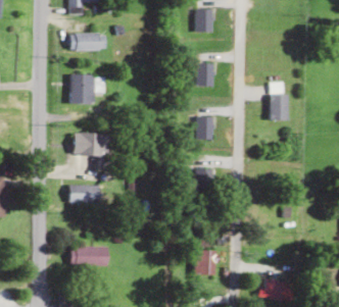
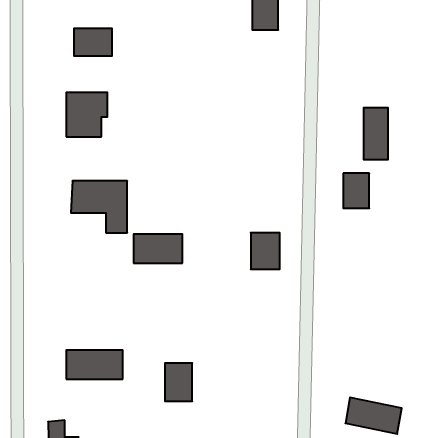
building: [196,63,212,86] -> none
building: [196,116,213,140] -> [343,173,369,208]
building: [67,185,100,204] -> [134,234,182,263]
building: [197,249,215,274] -> [165,363,192,401]

